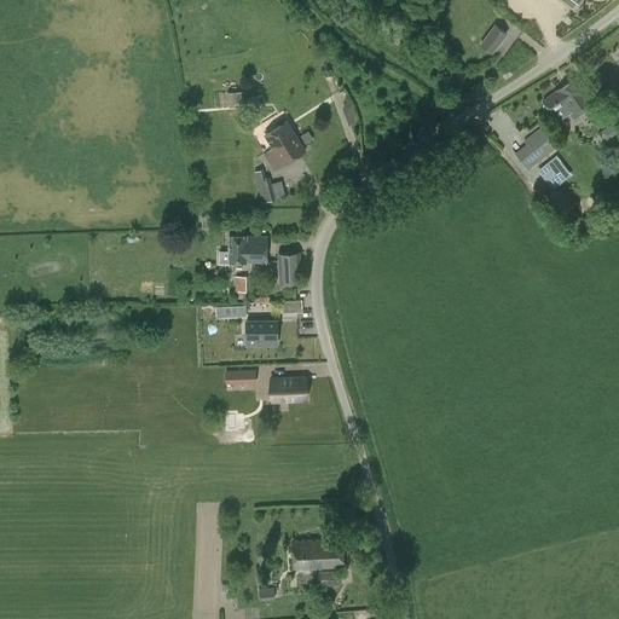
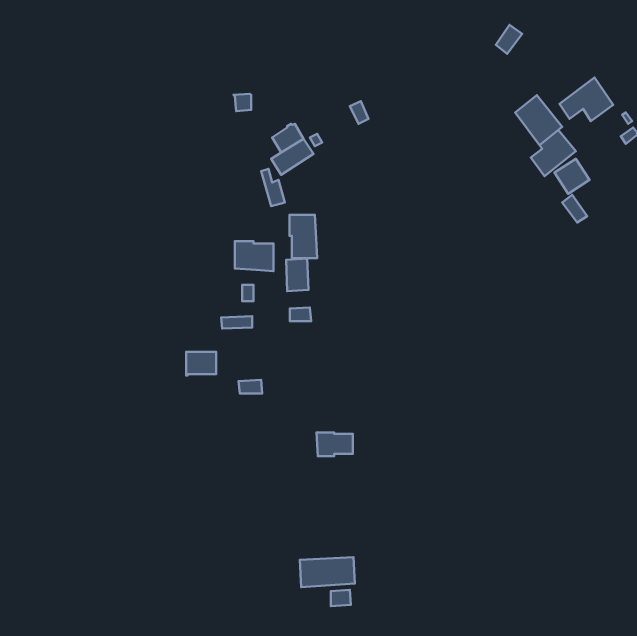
building: none -> [515,95,562,145]
building: none -> [289,215,317,258]
building: [245,322,274,345] -> [186,352,216,375]
building: [268,378,303,401] -> [317,432,353,456]

